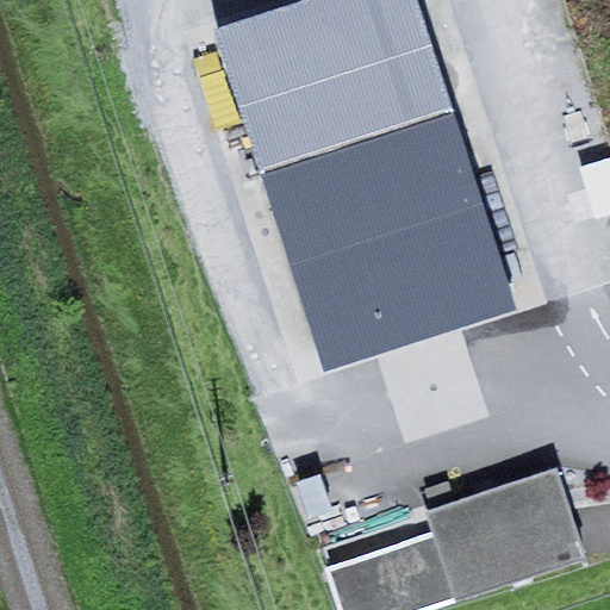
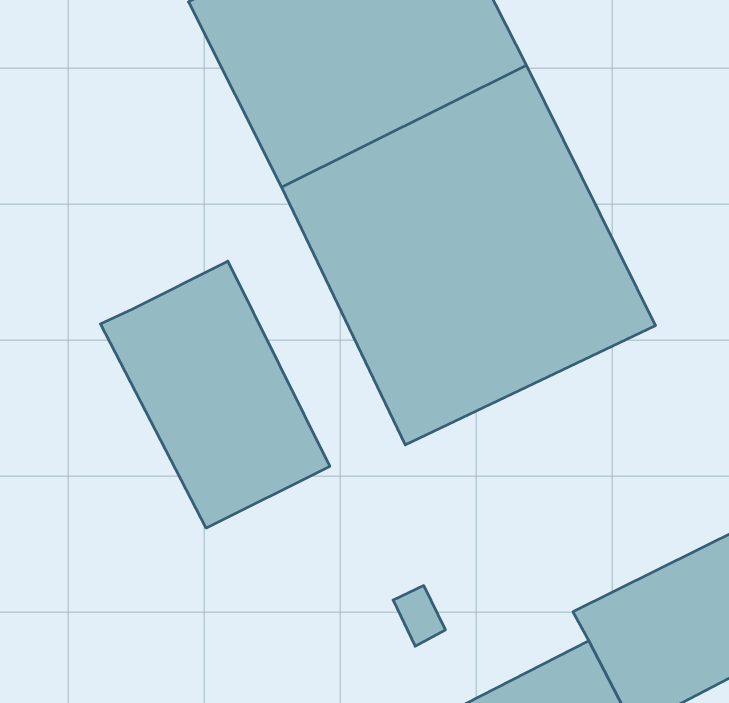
building: none -> [100,261,330,528]

